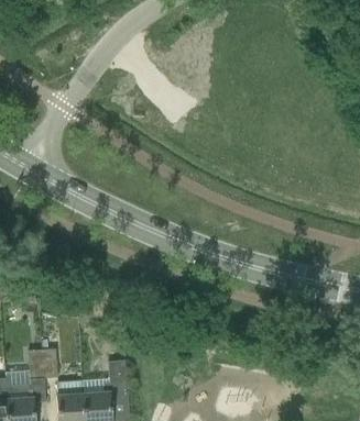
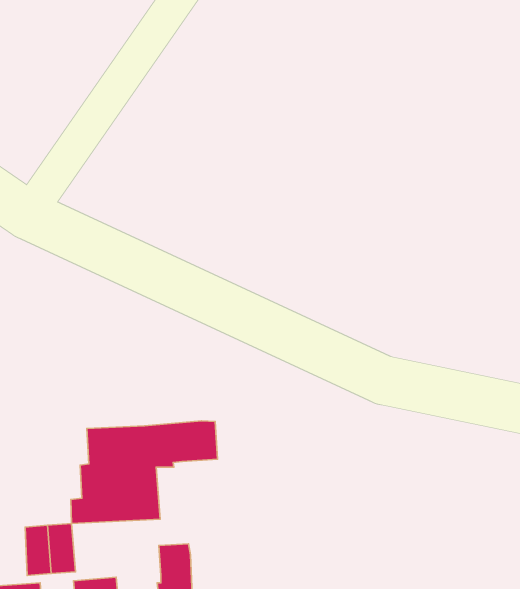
building: none -> [71,421,217,523]

